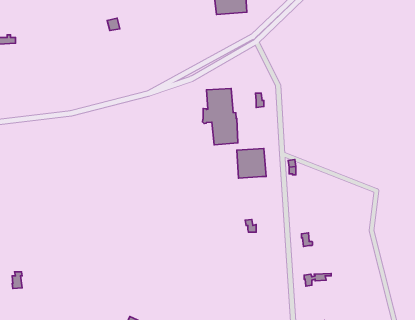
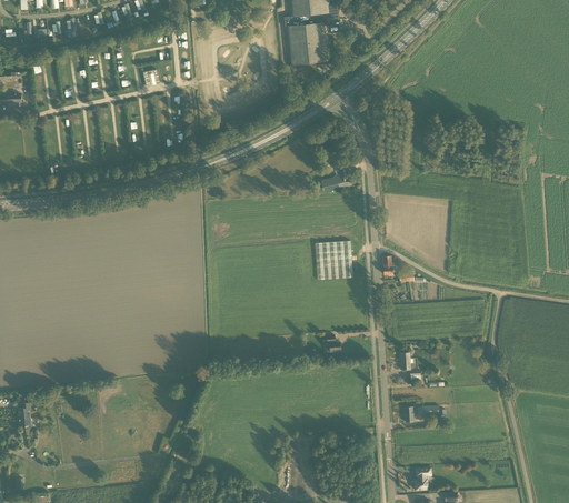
building: [202,88,238,145] -> none

